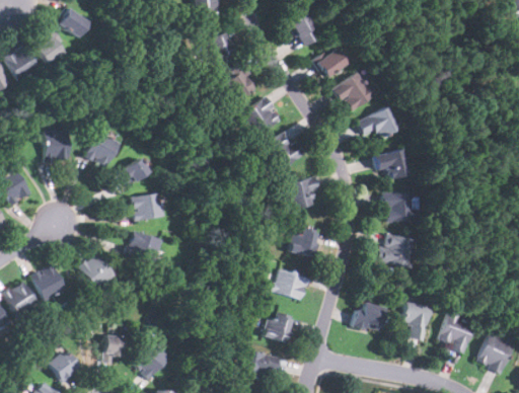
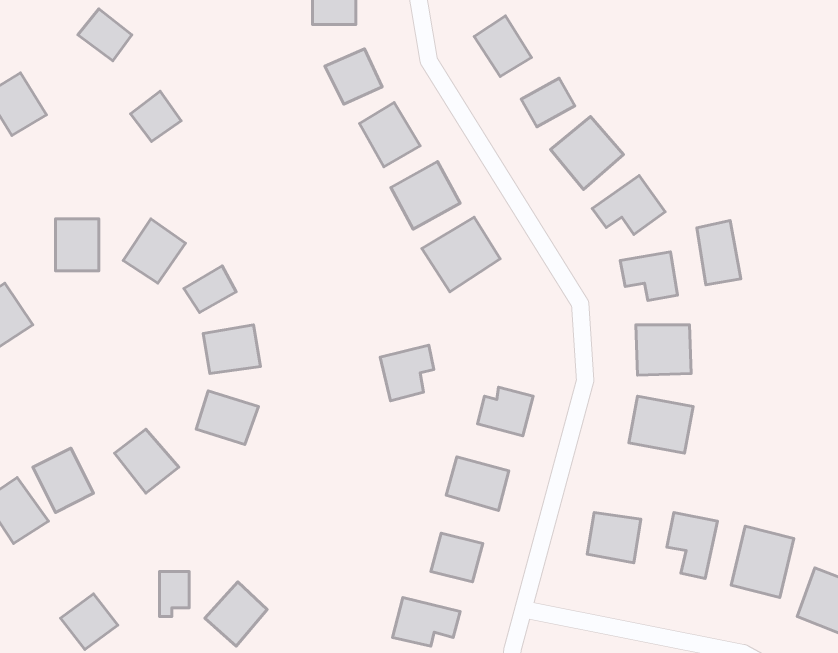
building: [35,34,65,64] -> [131,91,181,142]
building: none -> [697,221,741,285]
building: [288,175,319,208] -> [380,345,434,401]

